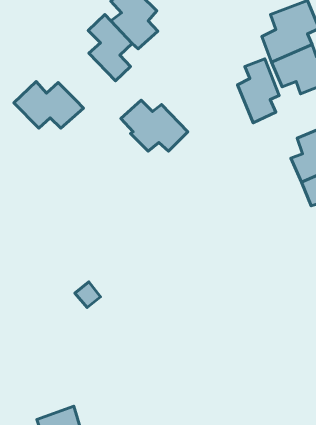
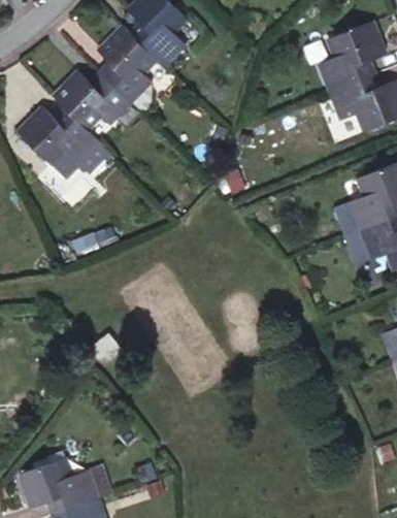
building: [238,59,279,123] -> none
building: [121,100,188,151] -> [64,74,142,134]
building: none -> [21,447,94,508]

